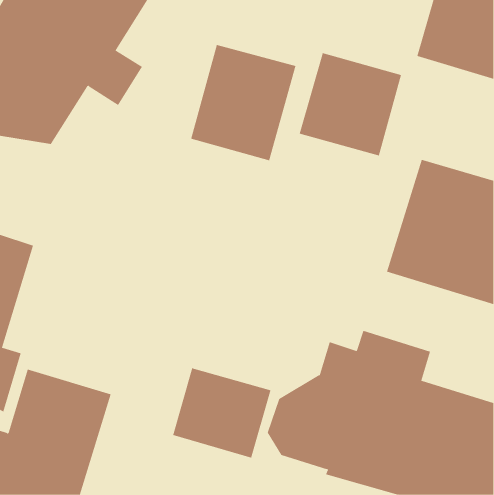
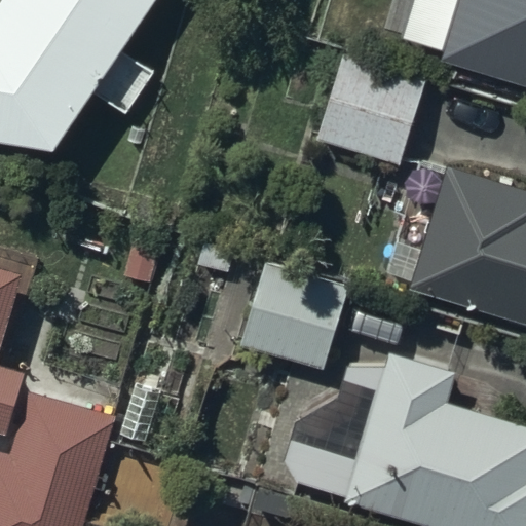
building: [191,44,296,161] -> none
building: none -> [240,261,347,370]
building: [173,368,271,459] -> none

